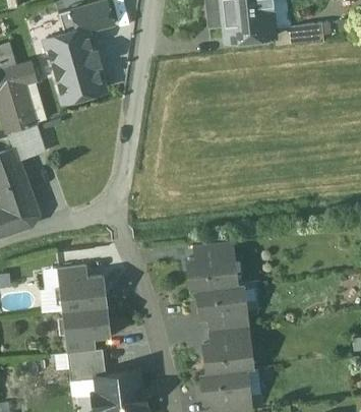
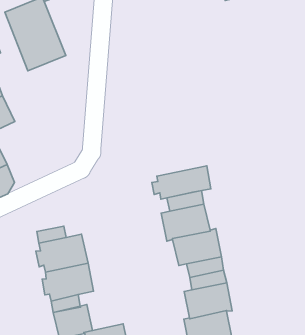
building: none -> [152,166,211,199]

